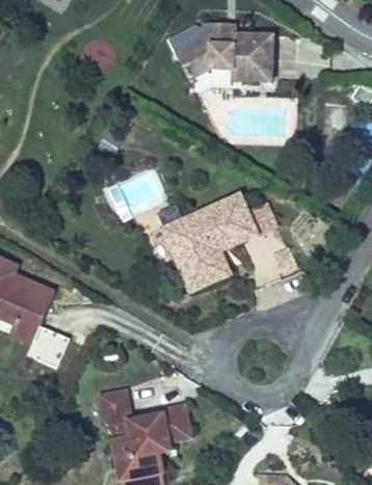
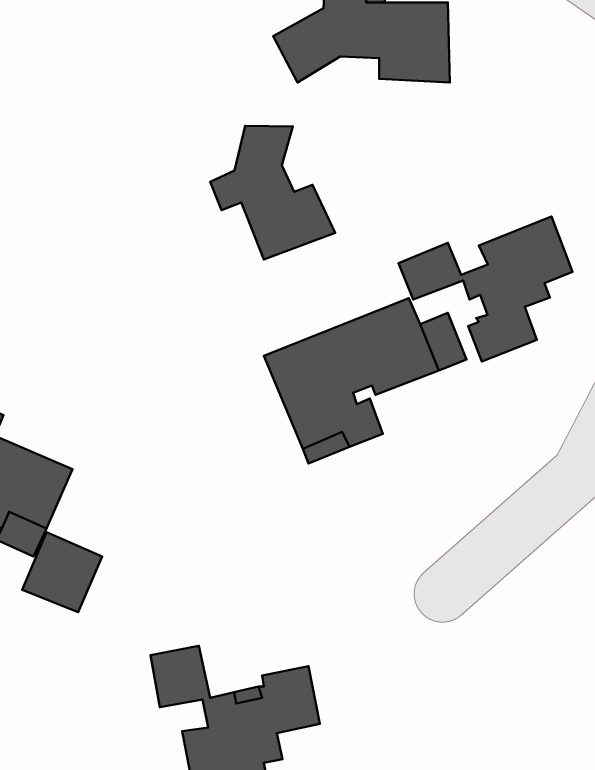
building: none -> [210,126,335,260]
building: none -> [399,217,573,361]

